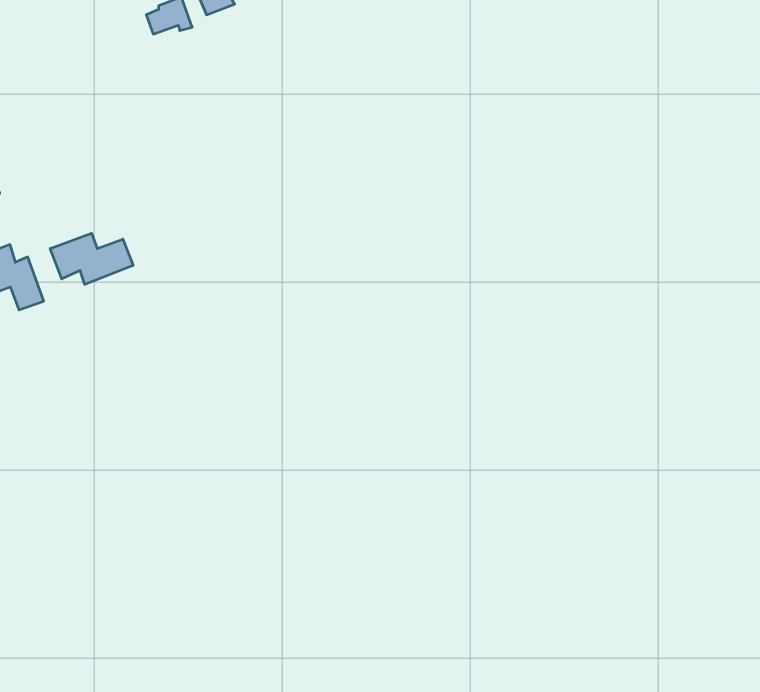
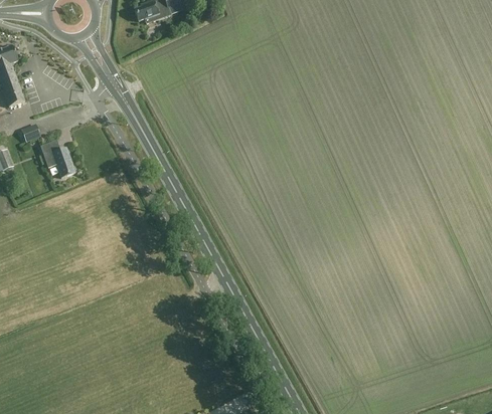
building: [50,233,133,284] -> none

